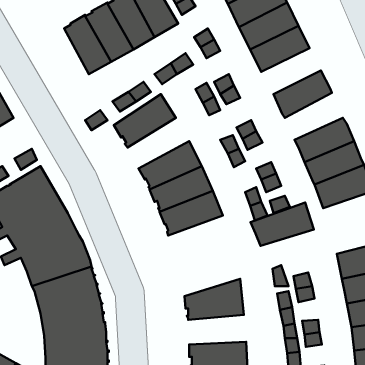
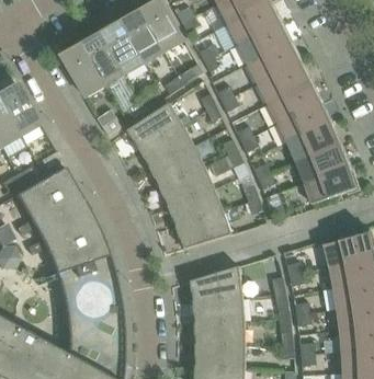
building: none -> [60,43,104,96]
building: none -> [257,61,309,102]
building: none -> [277,101,329,142]
building: none -> [138,123,193,168]
building: [250,202,314,246] -> [174,209,230,248]
building: none -> [192,297,243,323]

